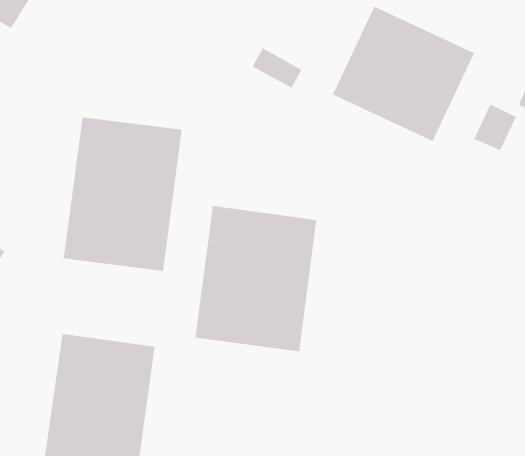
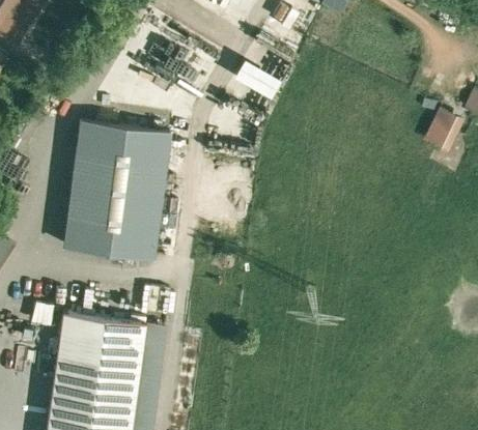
building: [332,6,475,142] -> none
building: [195,205,317,352] -> none

